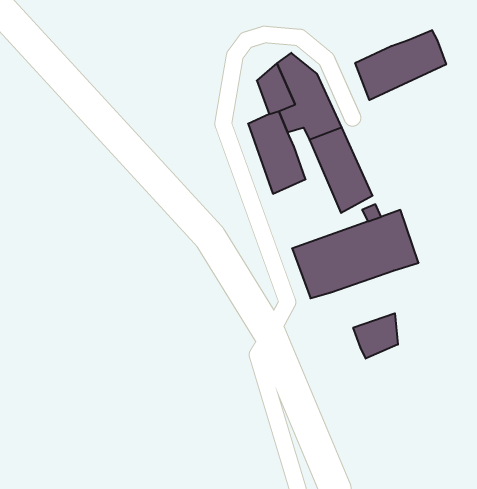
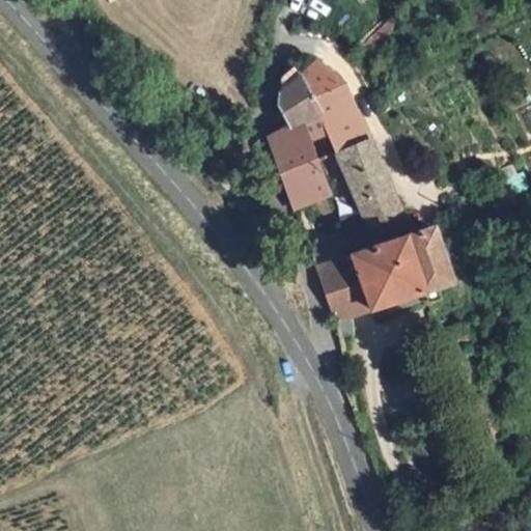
building: [355,30,446,100] -> none
building: [353,313,398,359] -> none

